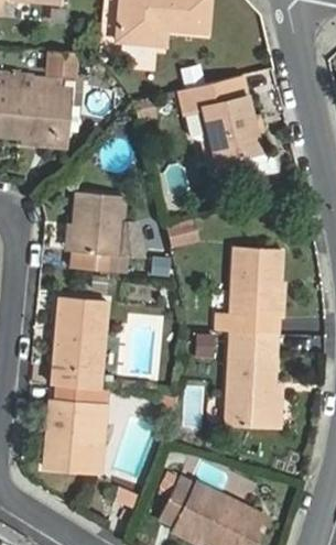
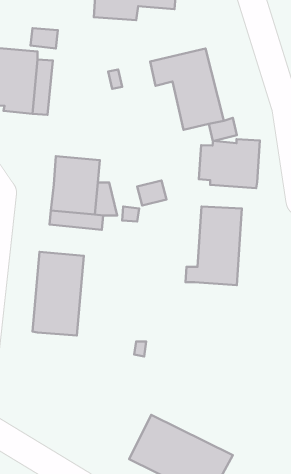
building: none -> [199,139,260,188]
building: [224,330,275,428] -> none
building: [44,385,107,473] -> none

